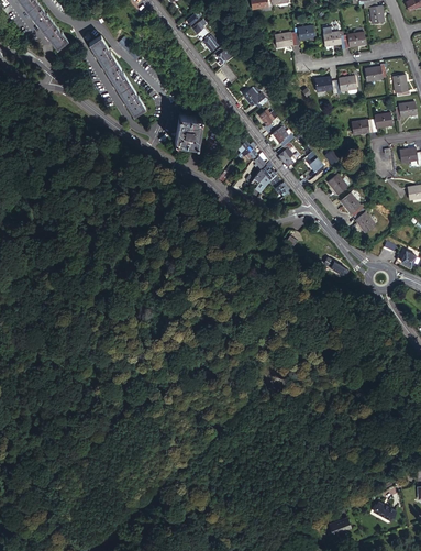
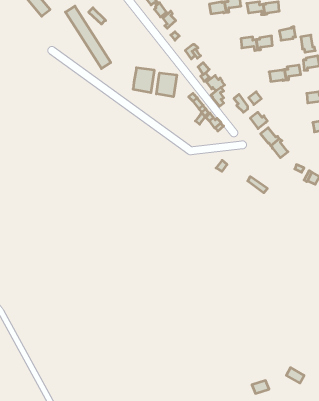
building: none -> [156,73,177,97]

